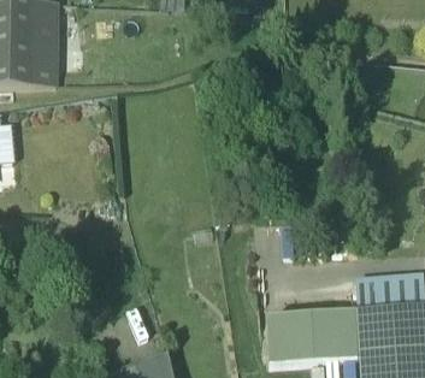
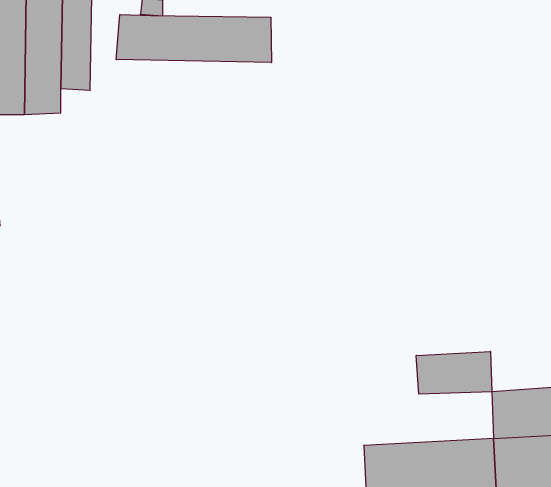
building: none -> [116,15,271,63]
building: none -> [416,351,492,394]

